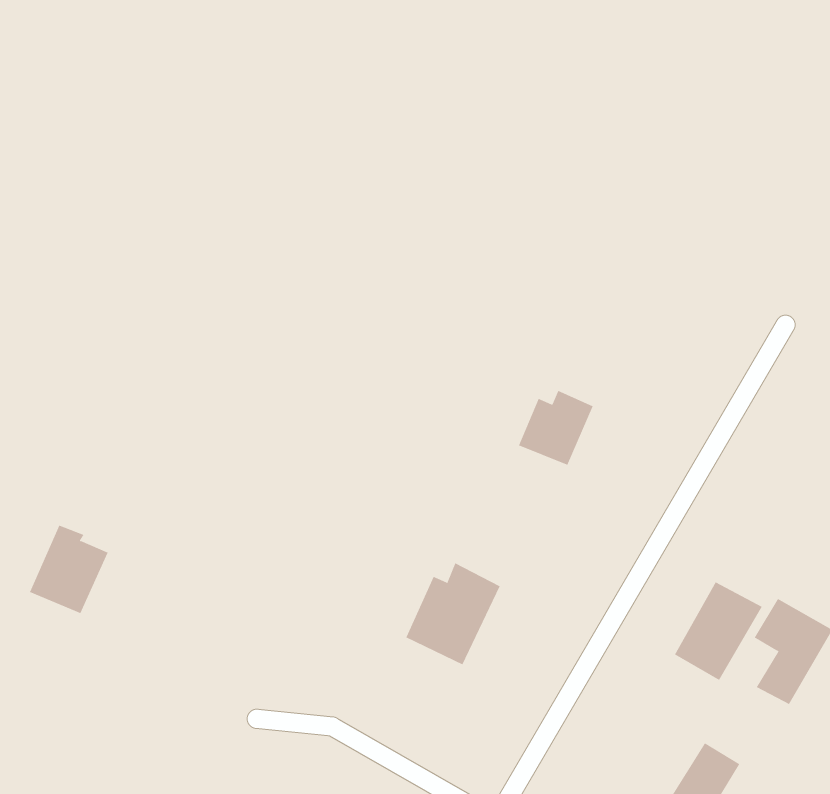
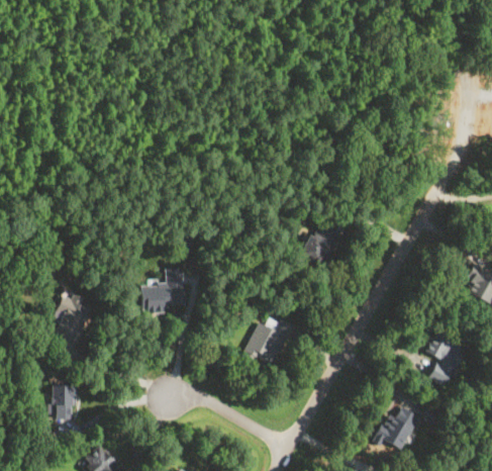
building: none -> [140,268,186,309]
building: [674,581,763,681] -> none
building: none -> [54,386,76,418]

